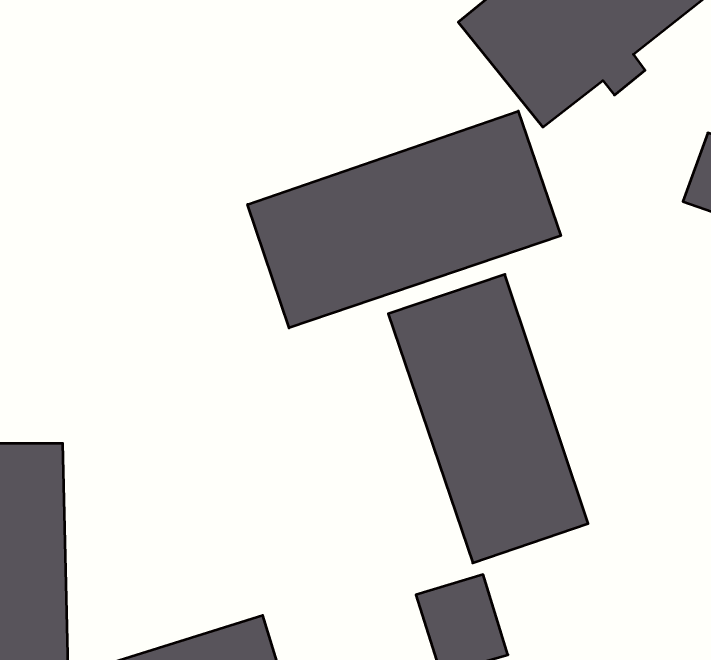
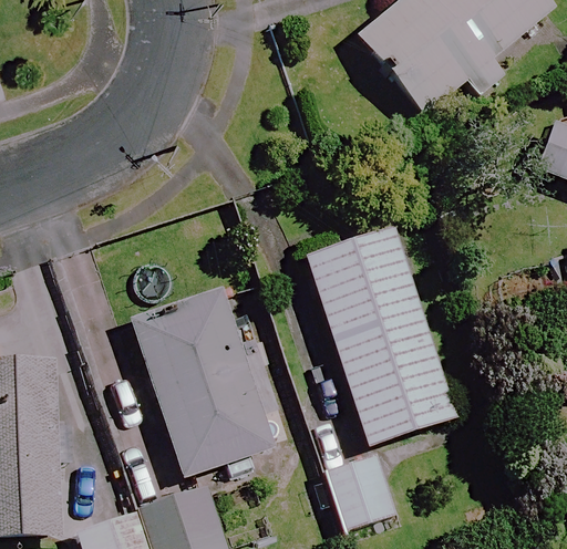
building: [248,111,561,328] -> none
building: none -> [134,289,272,475]

